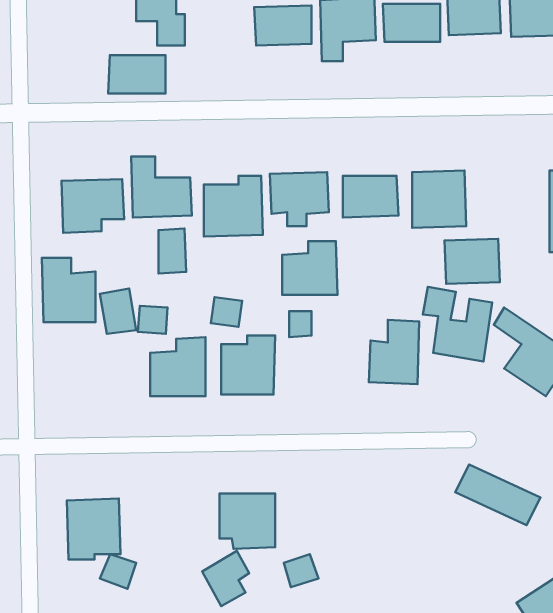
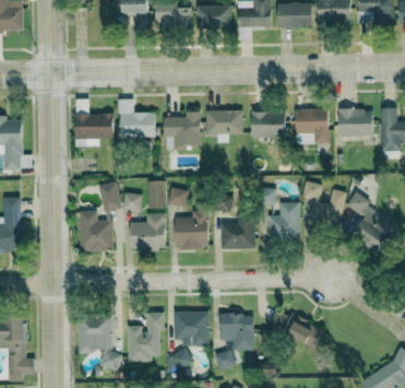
building: [108,55,165,93] -> [155,5,191,30]
building: [158,228,186,274] -> [147,180,165,209]
building: [444,239,500,284] -> [337,108,372,137]
building: [282,241,338,295] -> [221,215,255,249]
building: [42,258,96,322] -> [79,211,112,251]
building: [455,464,540,525] -> [270,309,323,348]
building: none -> [128,313,163,361]
building: none -> [219,314,253,351]

